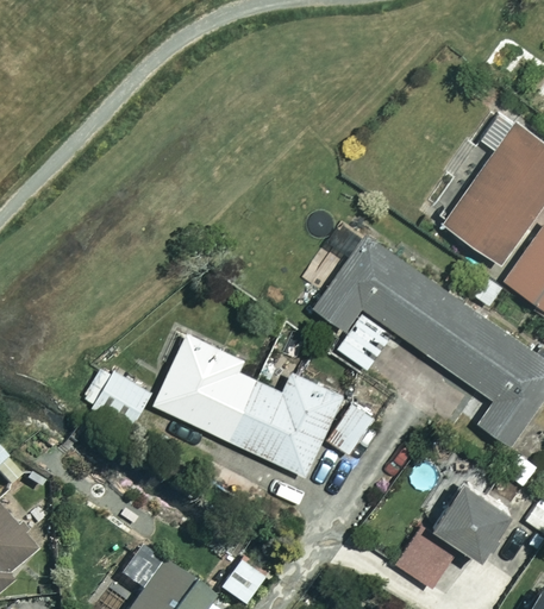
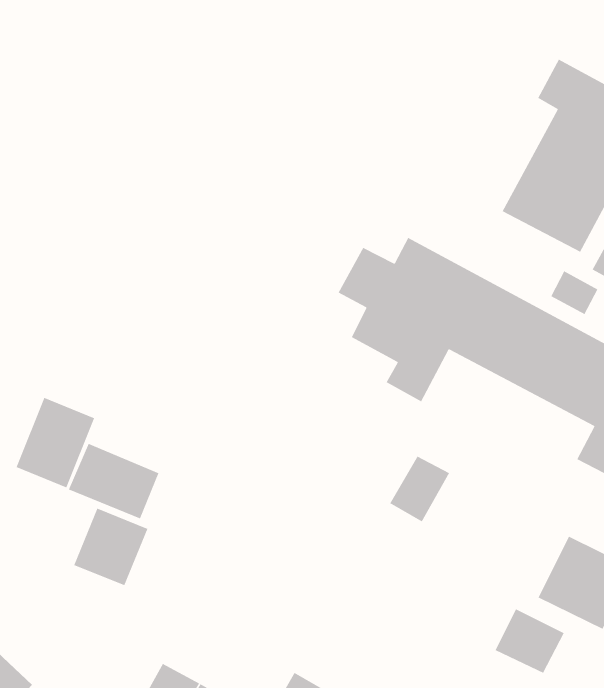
building: none -> [15,397,95,488]
building: [155,334,343,477] -> none
building: none -> [73,508,149,586]

